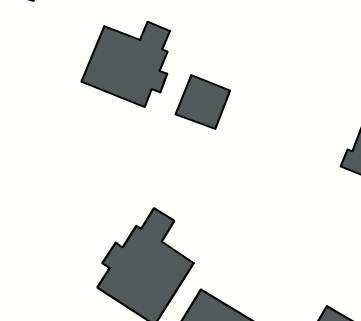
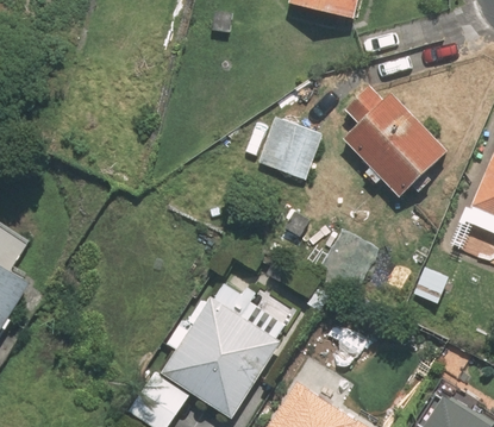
building: [82,22,170,107] -> none
building: none -> [343,86,448,199]

